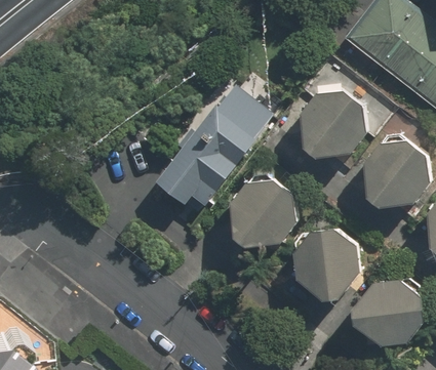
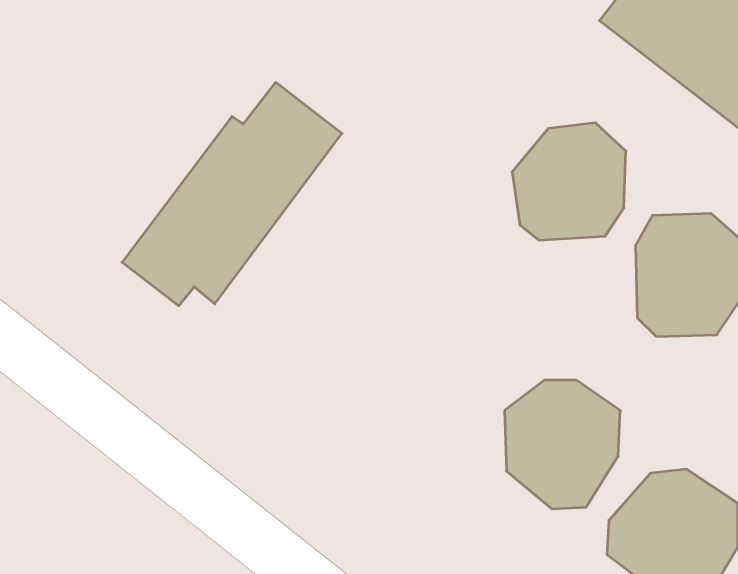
building: [155,86,274,207] -> [122,82,342,306]
building: [229,179,296,245] -> none

